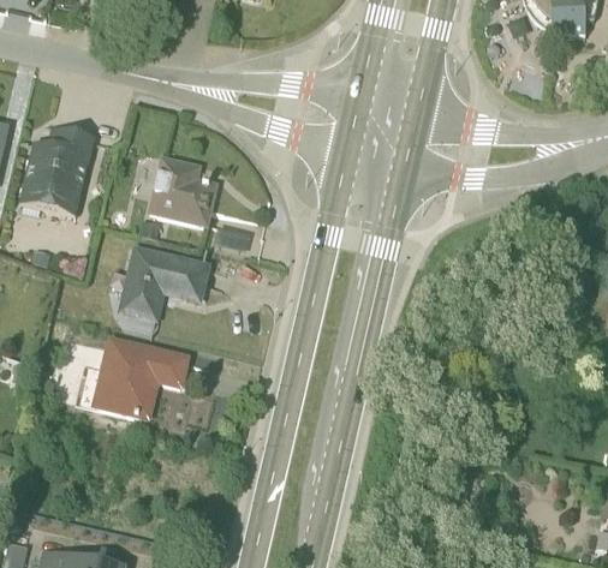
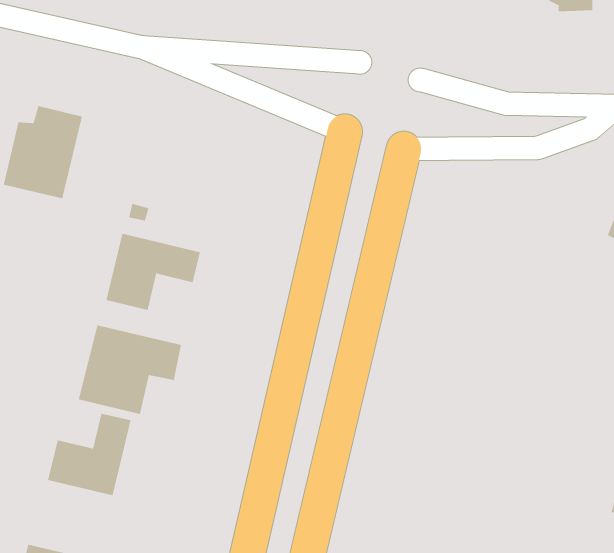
building: [151,160,216,225] -> none
building: none -> [47,413,131,496]

